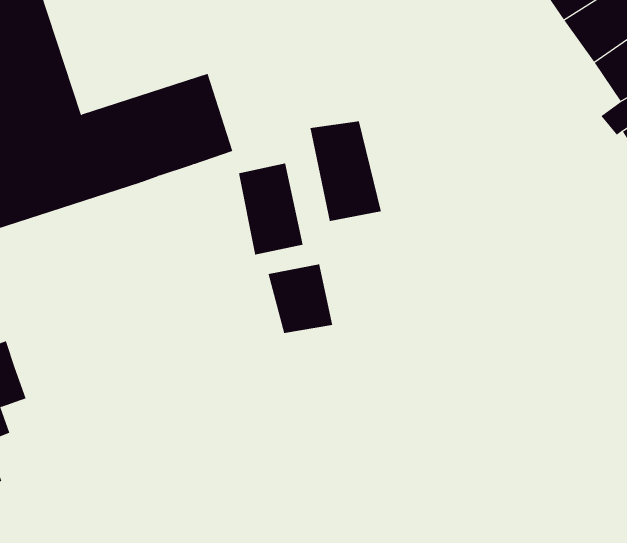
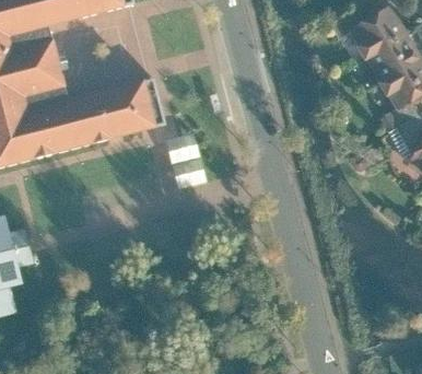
building: [310,120,382,222] -> none
building: [268,263,333,334] -> none

